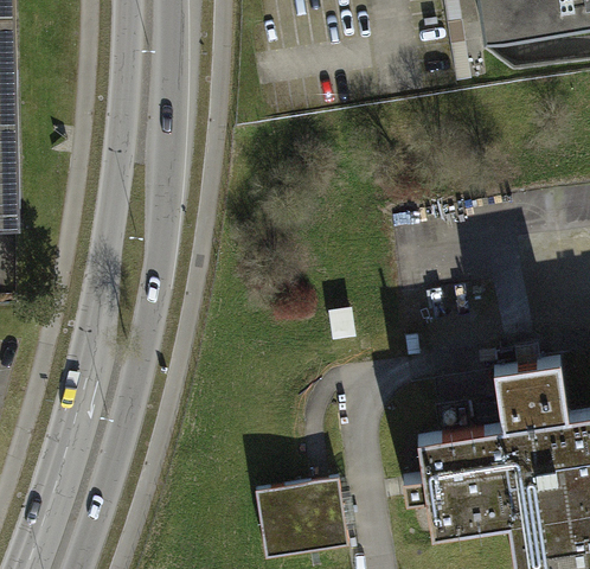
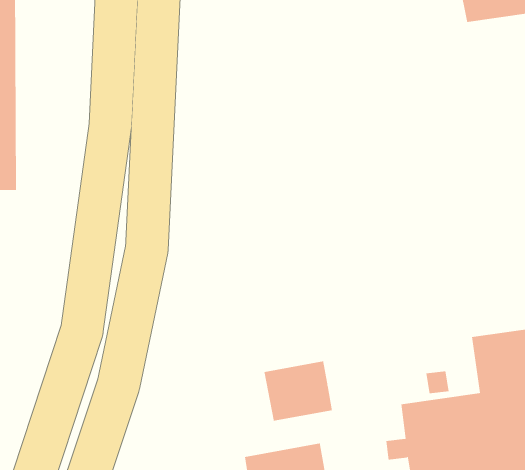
building: none -> [264,361,333,421]

